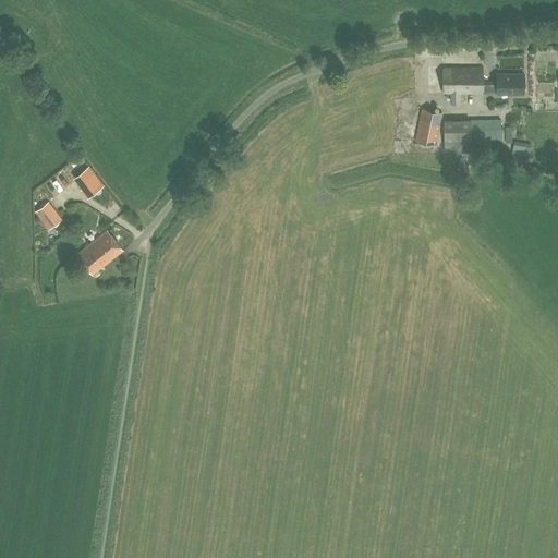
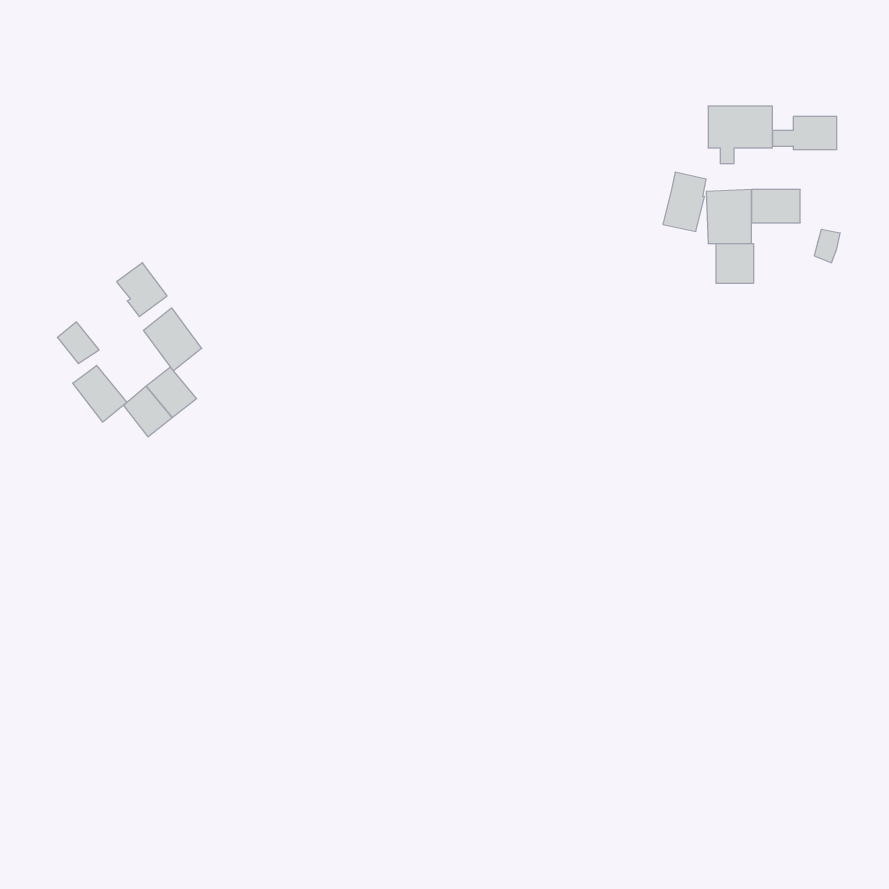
building: none -> [716,244,753,283]
building: none -> [144,308,202,371]
building: none -> [73,365,127,422]

